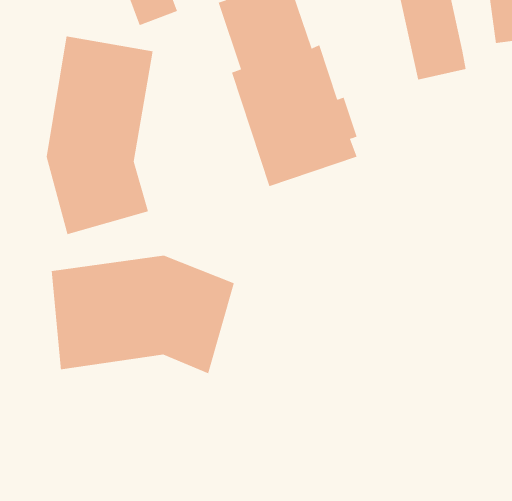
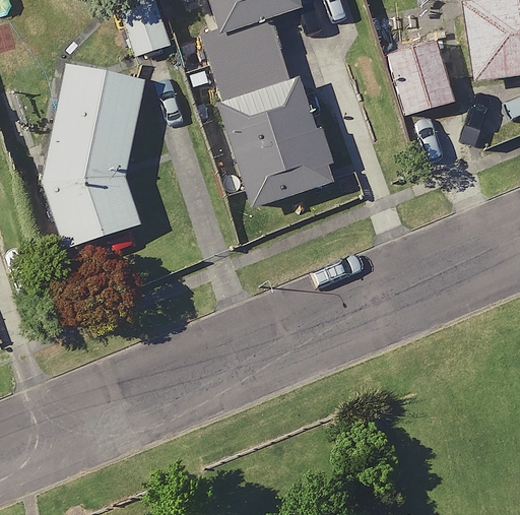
building: [51,255,235,374] -> none

